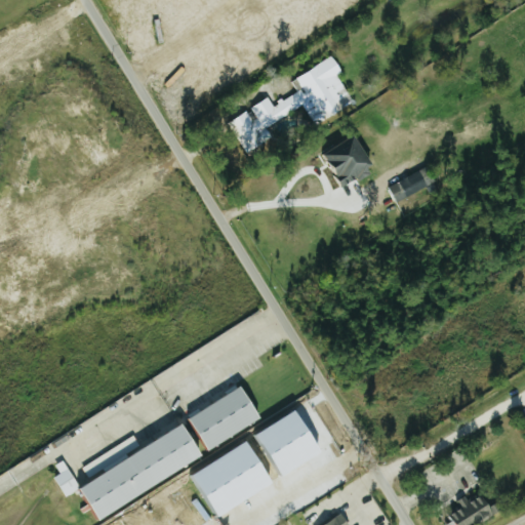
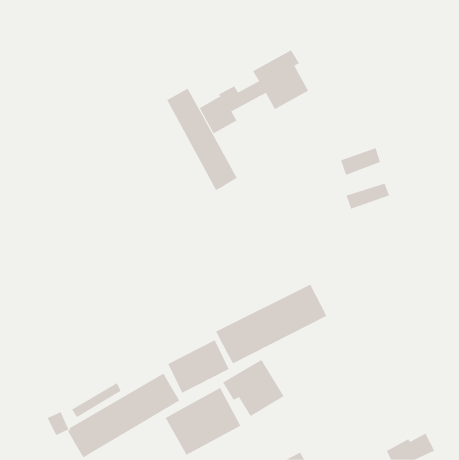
building: none -> [166,88,238,191]
building: [323,134,375,187] -> none
building: none -> [346,183,390,209]
building: none -> [215,284,327,364]

